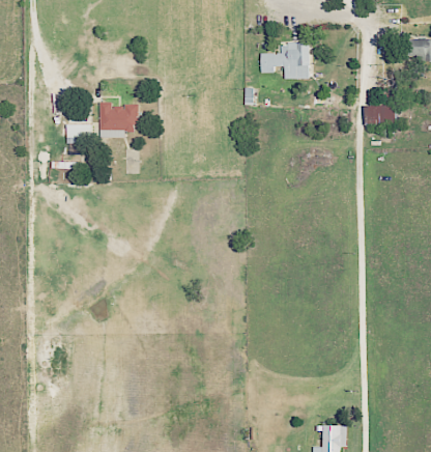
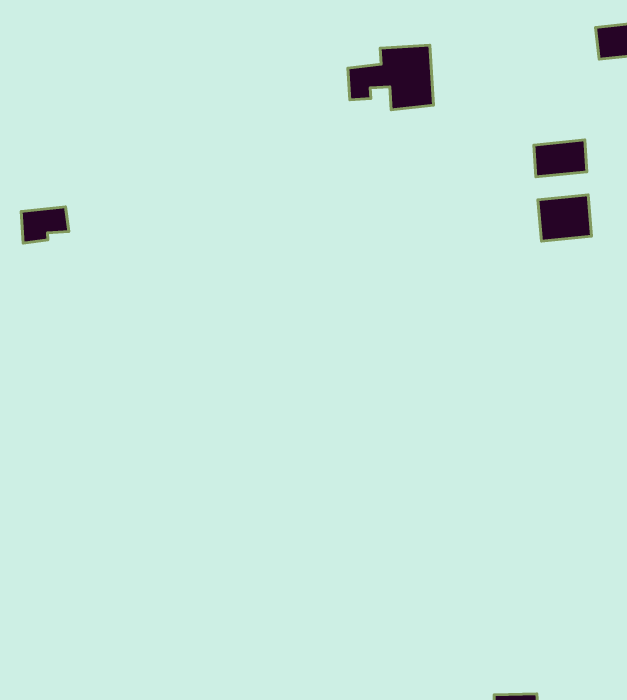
building: [98,102,137,137] -> none
building: none -> [538,195,592,241]

